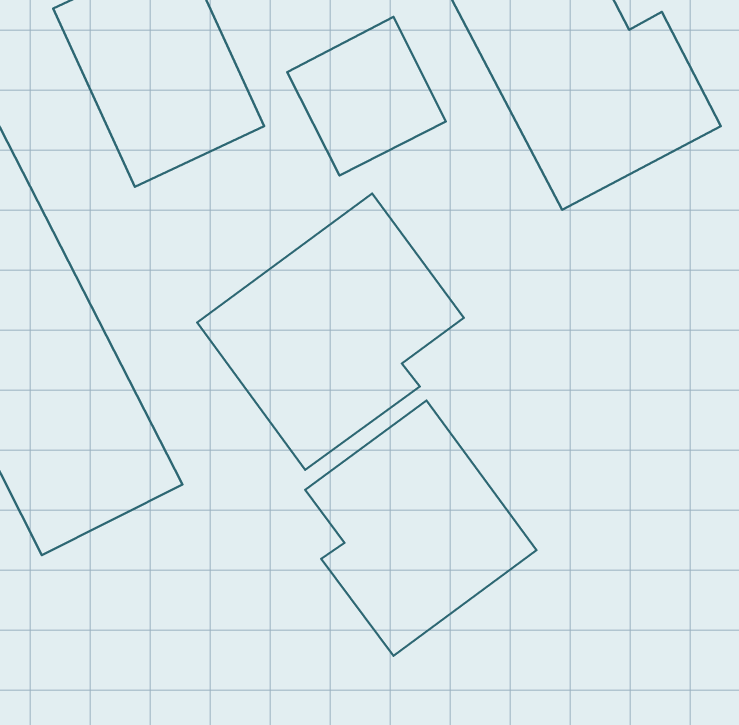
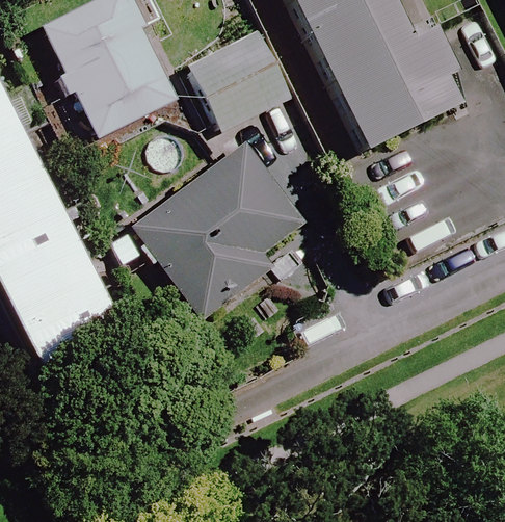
building: [305,401,536,656] -> none

